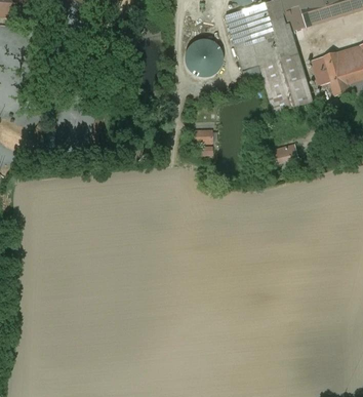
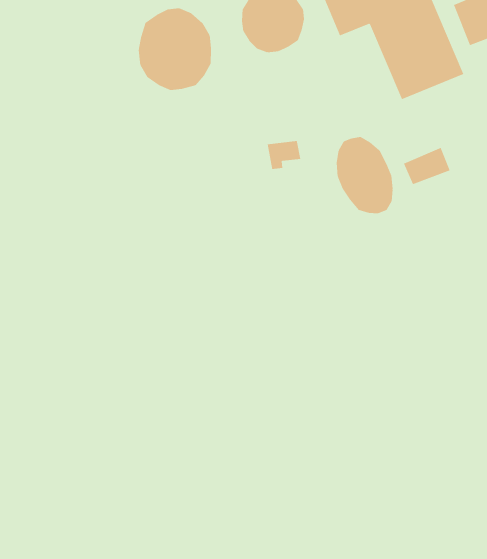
building: none -> [138,7,212,91]
building: none -> [336,136,393,214]

